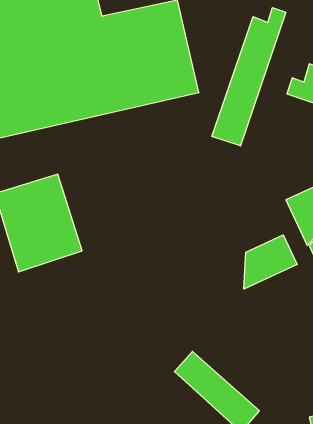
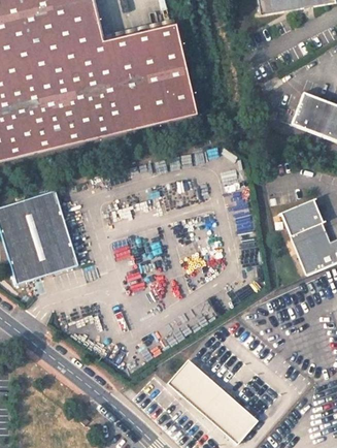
building: [212,8,286,146] -> none
building: [244,235,297,289] -> none

